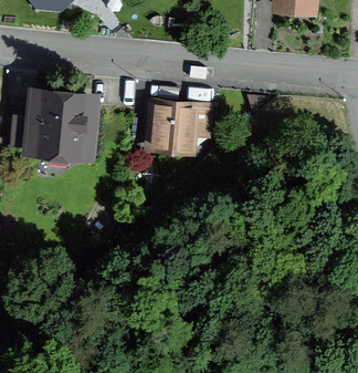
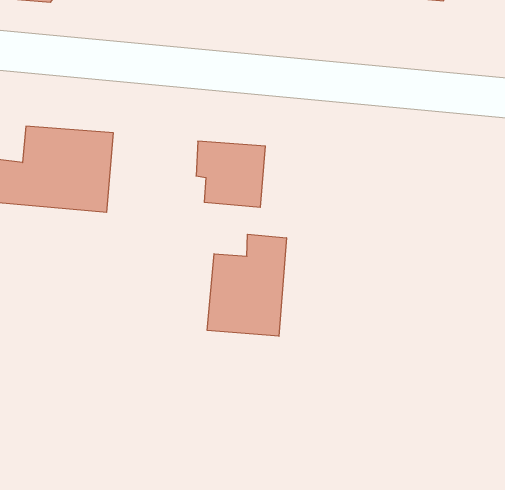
building: none -> [207,234,286,336]

